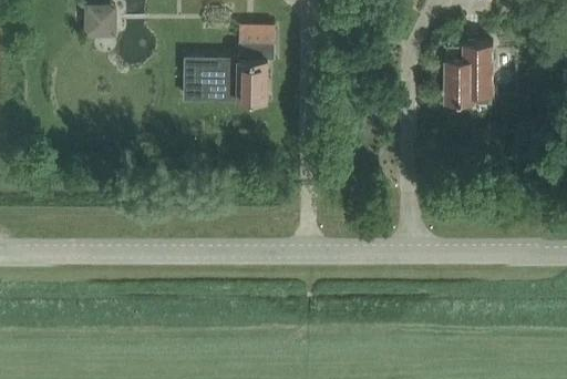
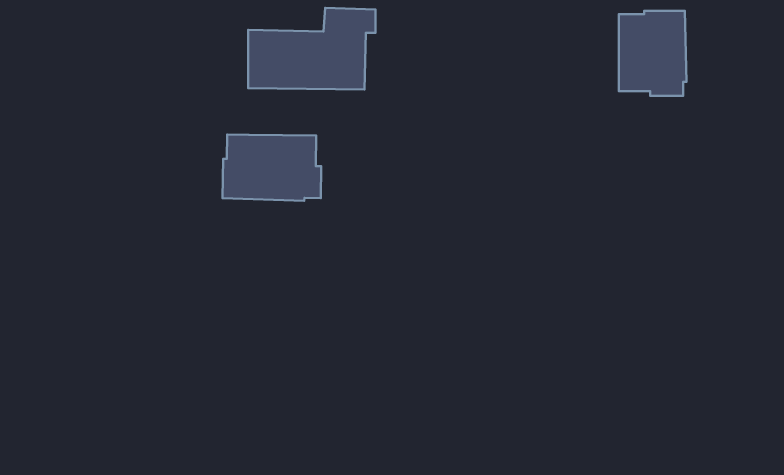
building: none -> [223,134,321,201]

